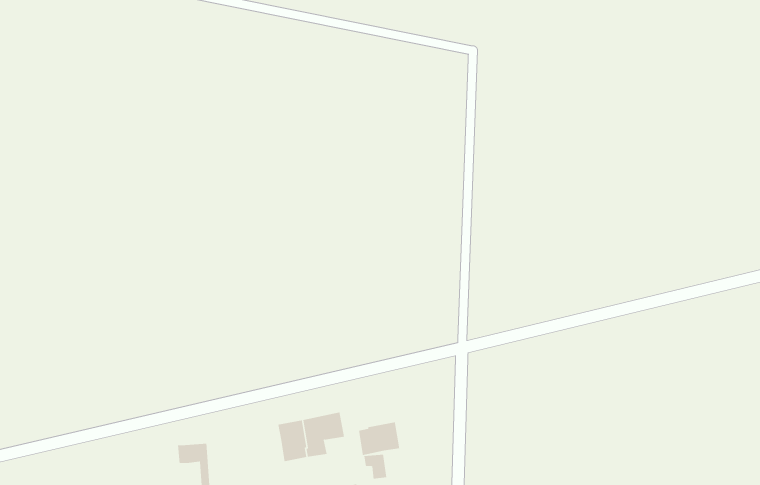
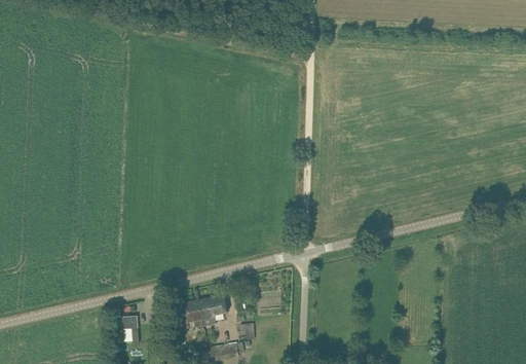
building: [358,421,400,456] -> none

